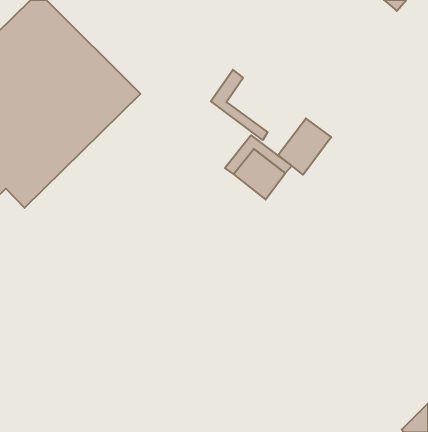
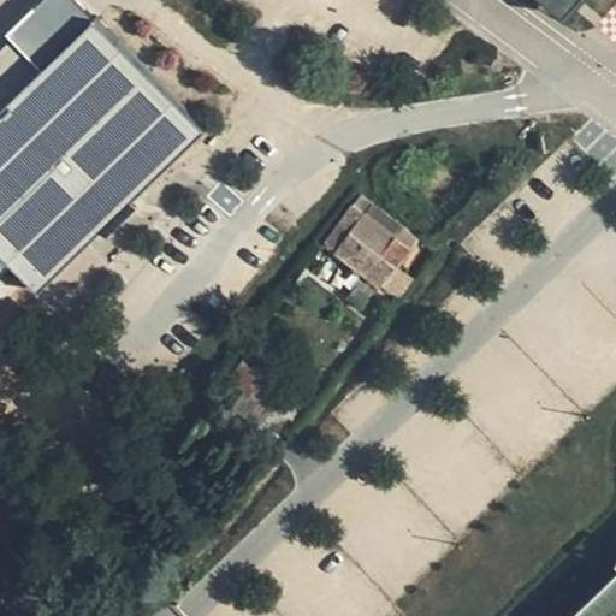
building: [211,70,268,140] -> none
building: [278,118,331,175] -> none

